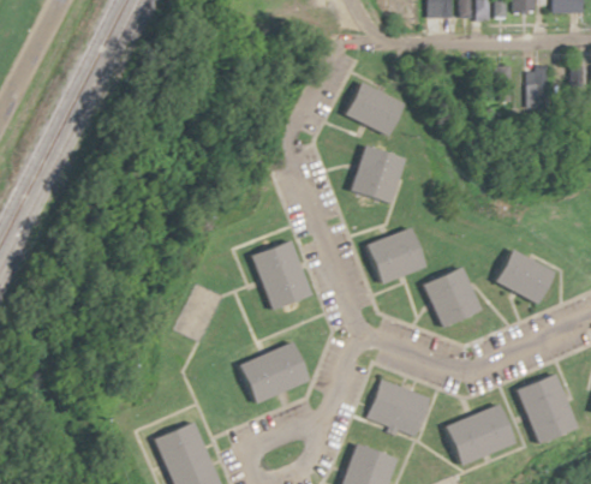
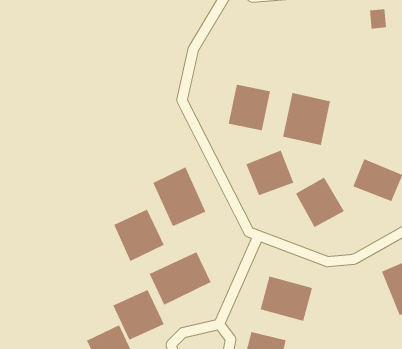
building: [344,82,407,136] -> none
building: none -> [283,92,331,146]
building: none -> [114,209,164,262]
building: none -> [113,289,164,341]
building: [443,405,514,465] -> none

